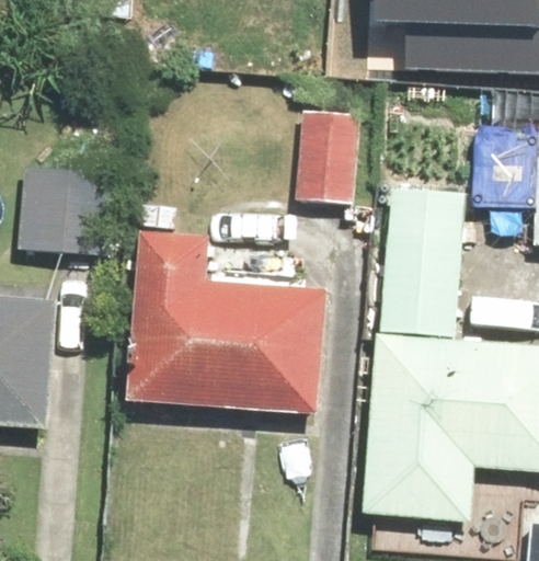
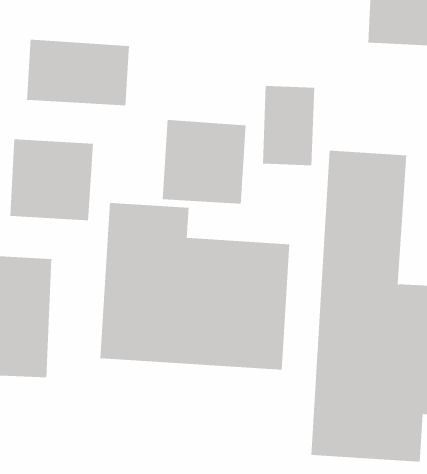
building: none -> [26,39,130,106]
building: none -> [162,119,246,204]

